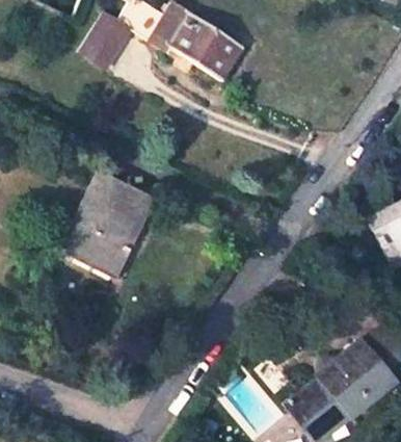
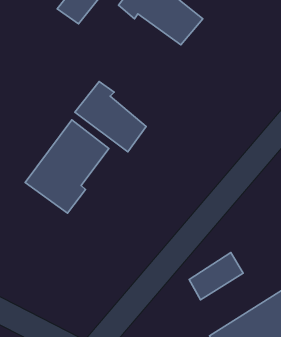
building: none -> [75,82,146,152]
building: none -> [189,253,243,300]

